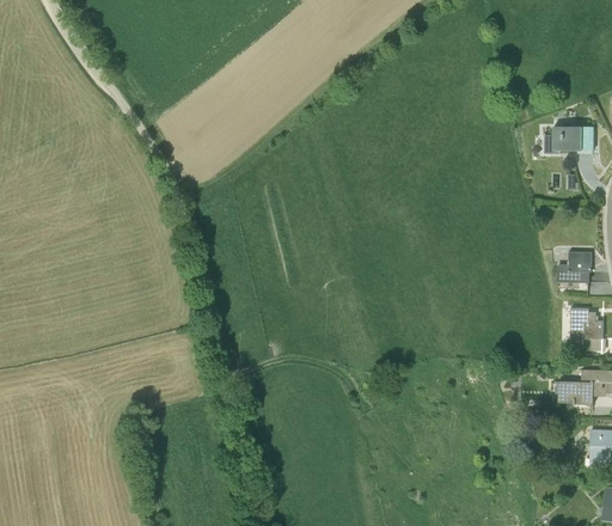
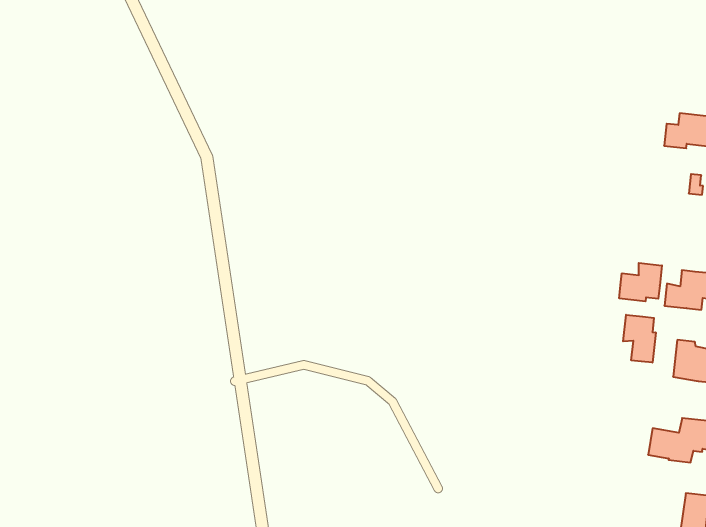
building: none -> [619,263,662,301]
building: none -> [623,315,656,363]

